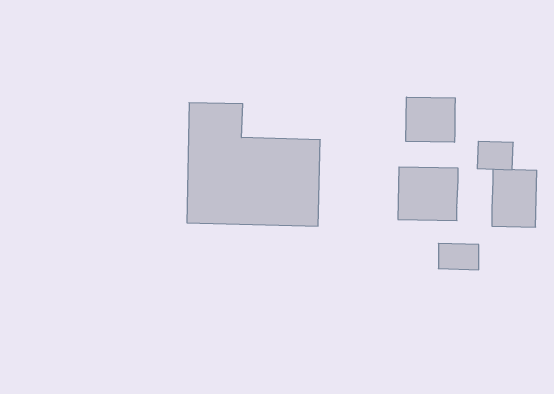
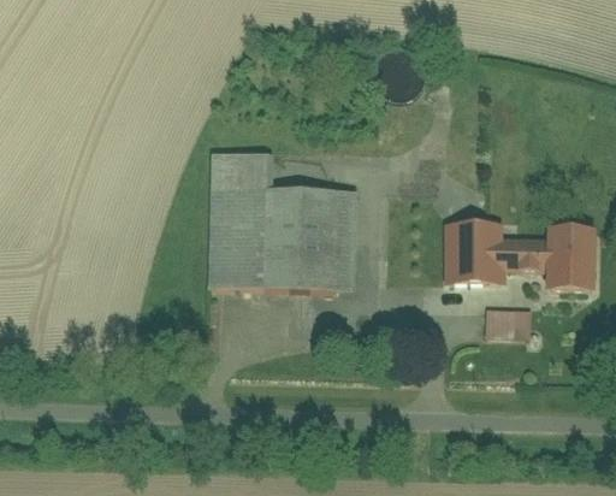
building: [406,97,455,142] -> none
building: [477,141,513,170] -> [507,237,546,268]

